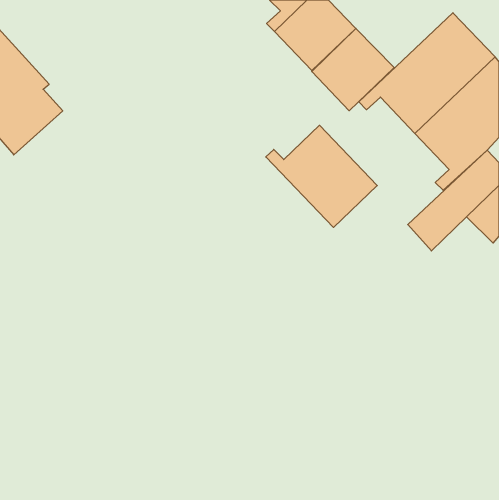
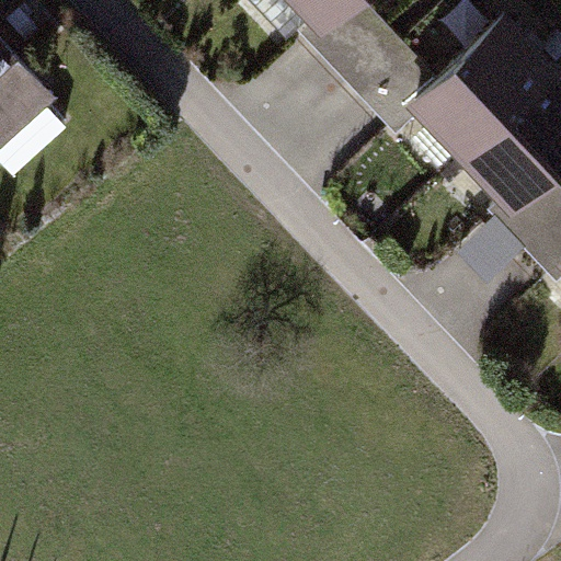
building: [266,125,377,227] -> none

